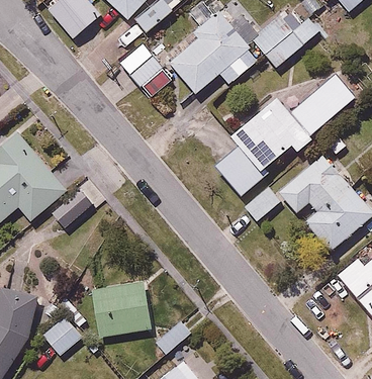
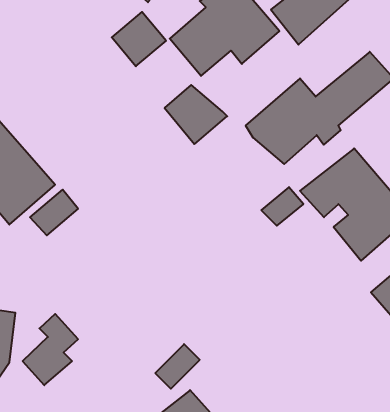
building: [214,148,267,197] -> [165,85,227,144]
building: [91,279,154,335] -> none

